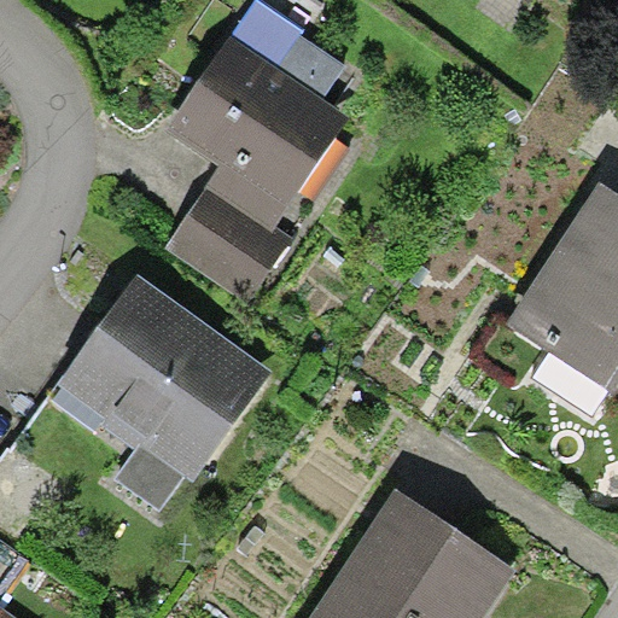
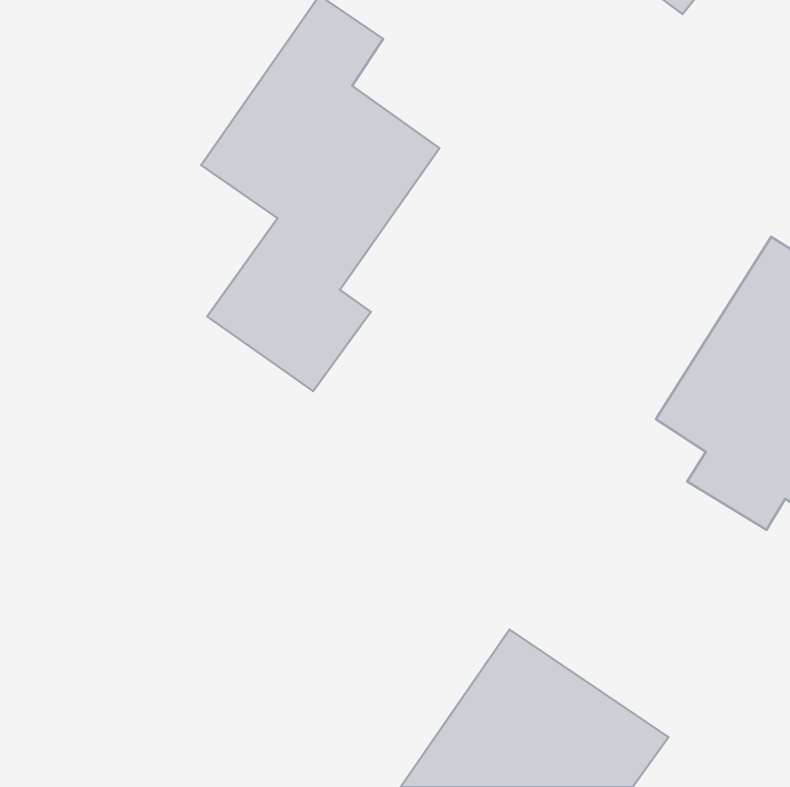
building: [48,276,278,518] -> none

